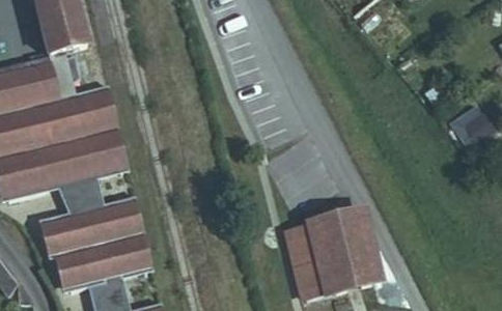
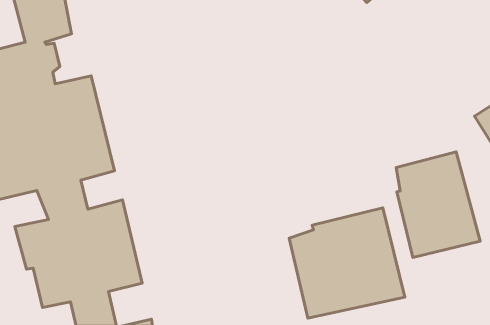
building: none -> [396,152,480,258]

